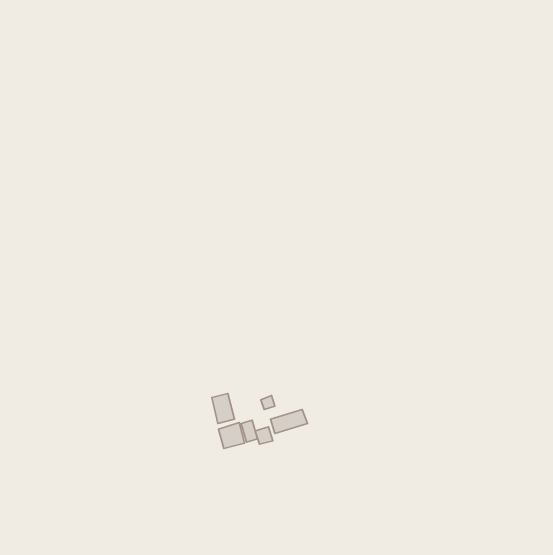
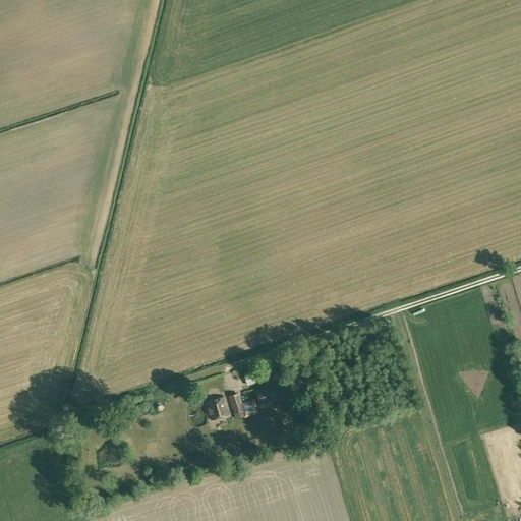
building: [212,393,235,423] -> none

